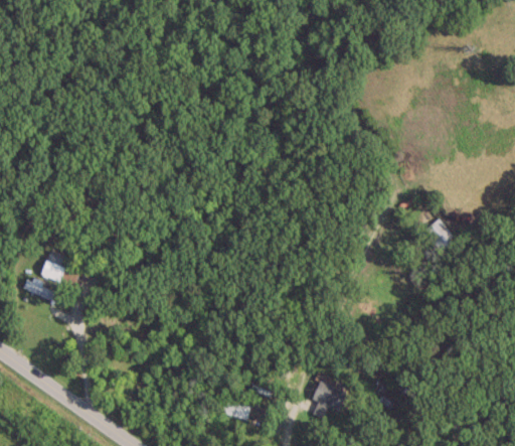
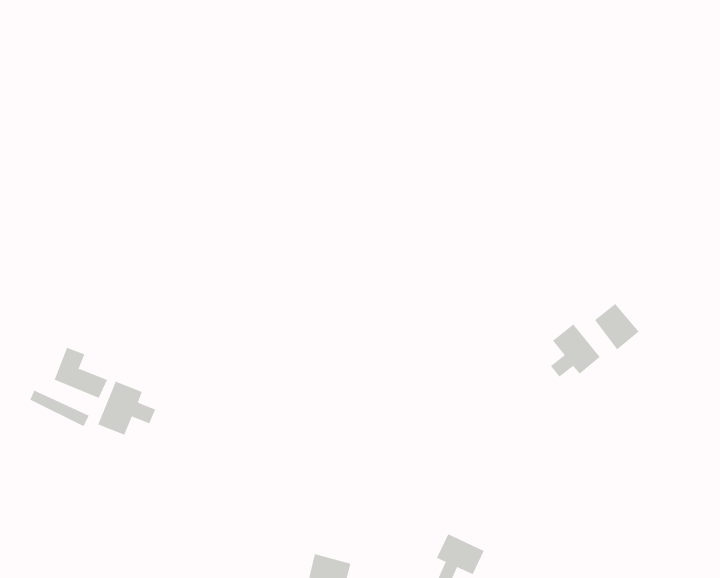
building: none -> [550,323,601,378]
building: none -> [98,381,156,436]

